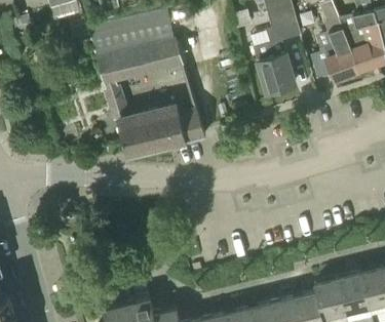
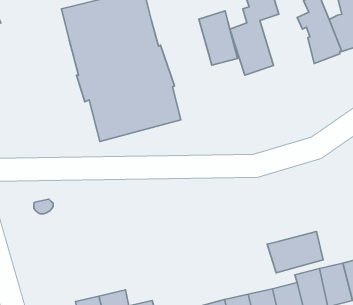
building: none -> [199,11,238,65]
building: none -> [267,232,323,273]

